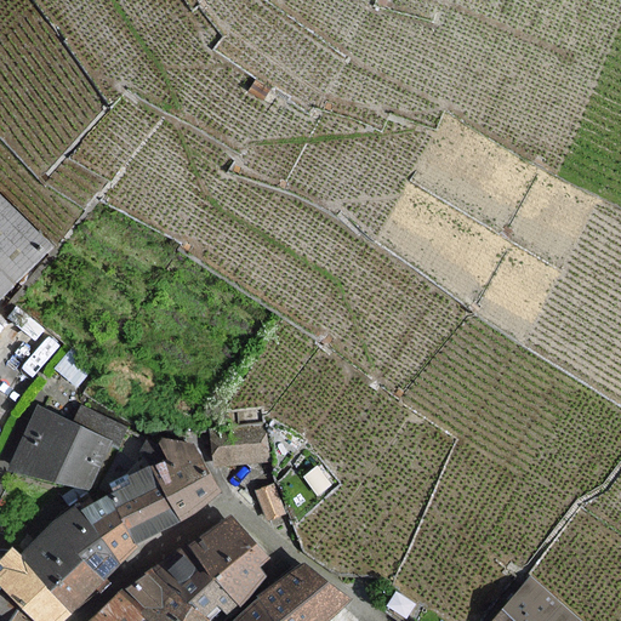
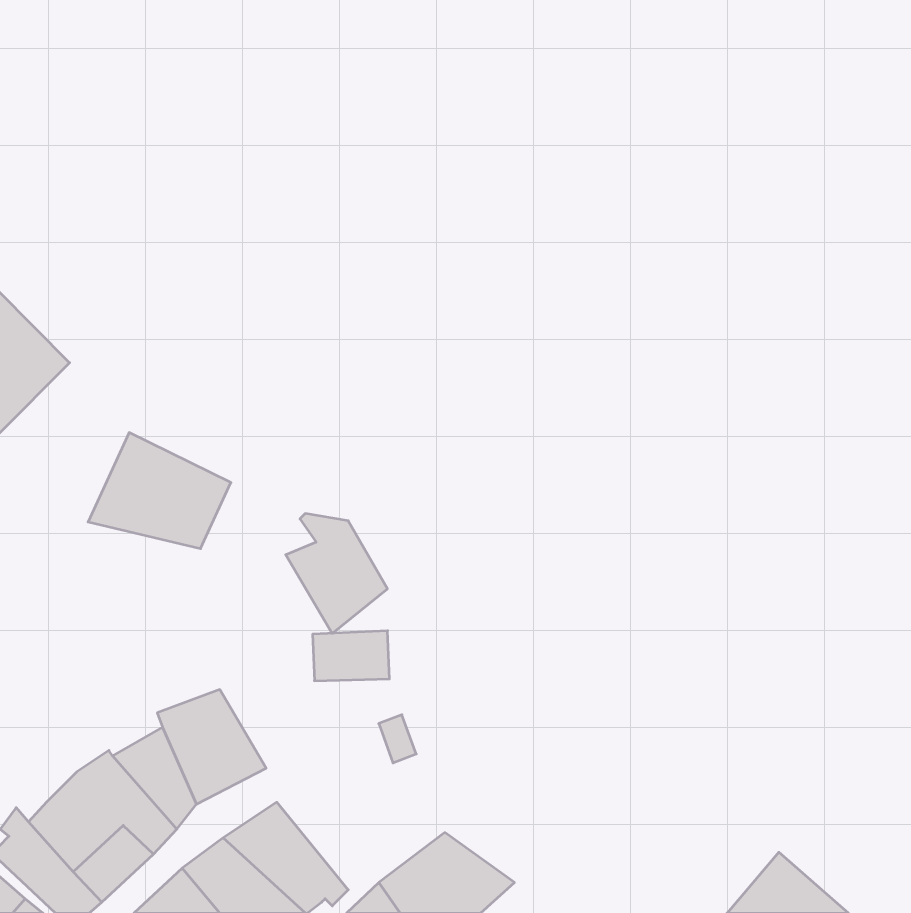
building: [11,409,108,488] -> [88,433,231,549]
building: [149,440,218,522] -> [286,514,387,633]
building: [188,517,266,604] -> none

